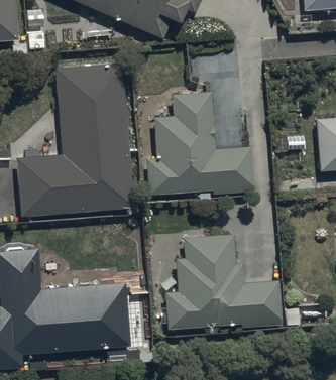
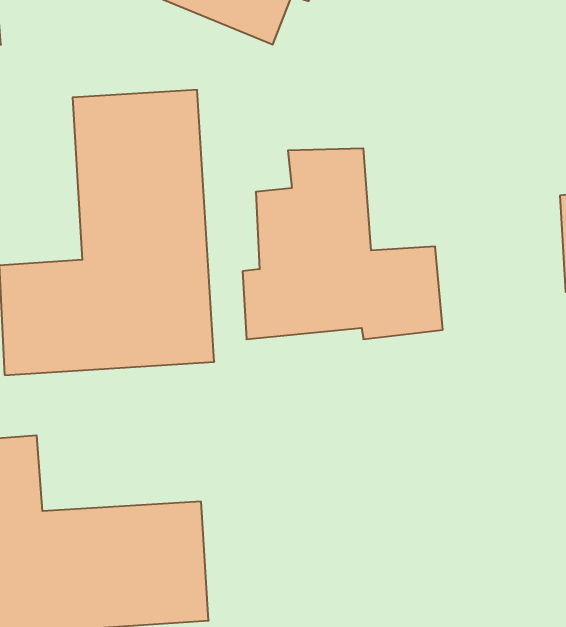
building: [165,236,282,330] -> none

